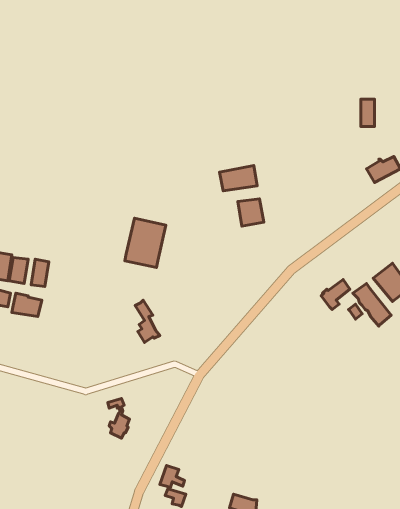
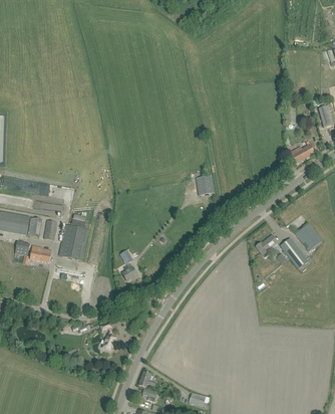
building: [220,166,257,191] -> none
building: [125,218,166,268] -> [59,224,89,260]

